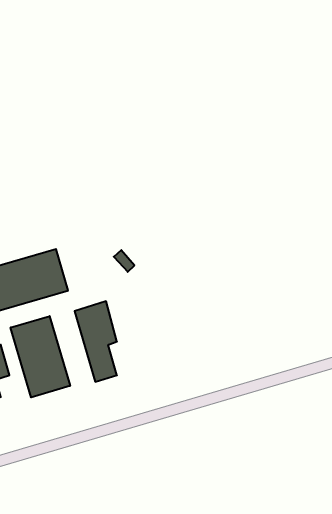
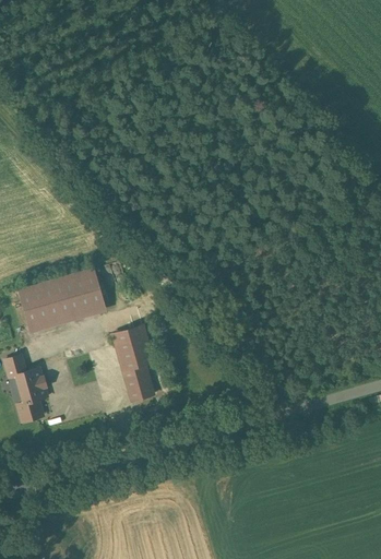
building: [11,316,70,397] -> none

